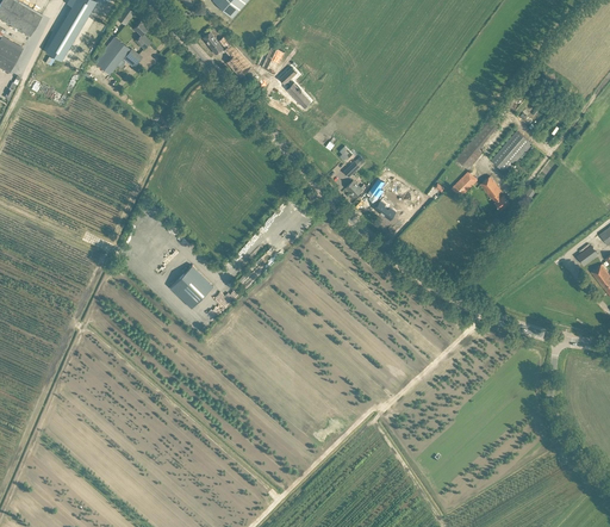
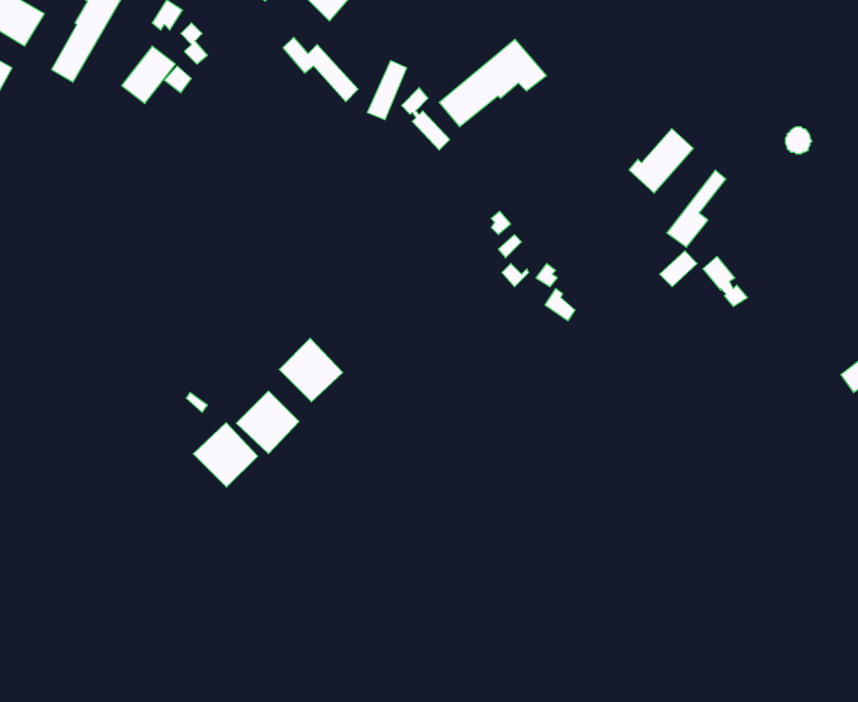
building: none -> [439,39,547,127]
building: [490,131,533,174] -> [629,129,693,193]
building: none -> [279,338,343,402]
building: none -> [193,423,258,487]

